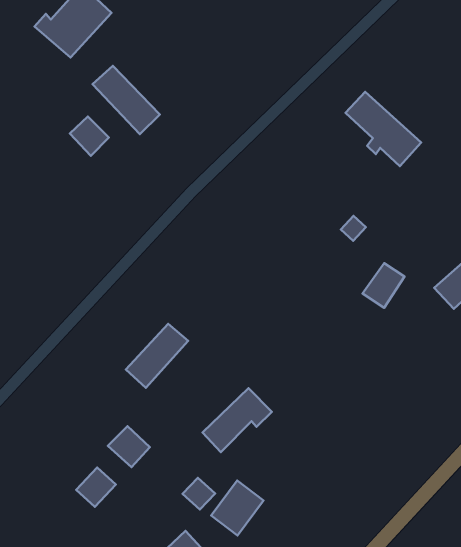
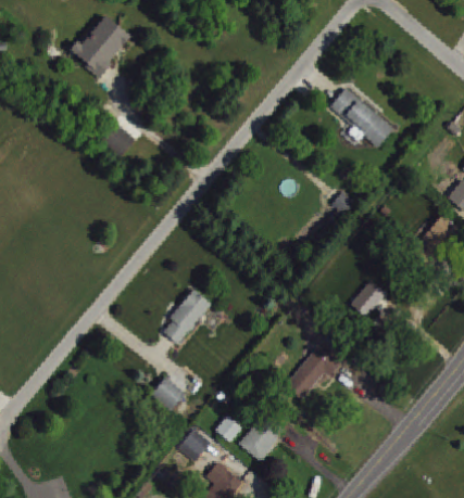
building: [93,66,160,134] -> none
building: [363,263,404,308] -> [350,280,384,317]
building: [202,388,272,452] -> [284,345,340,399]
building: [76,467,116,507] -> [177,429,210,461]

